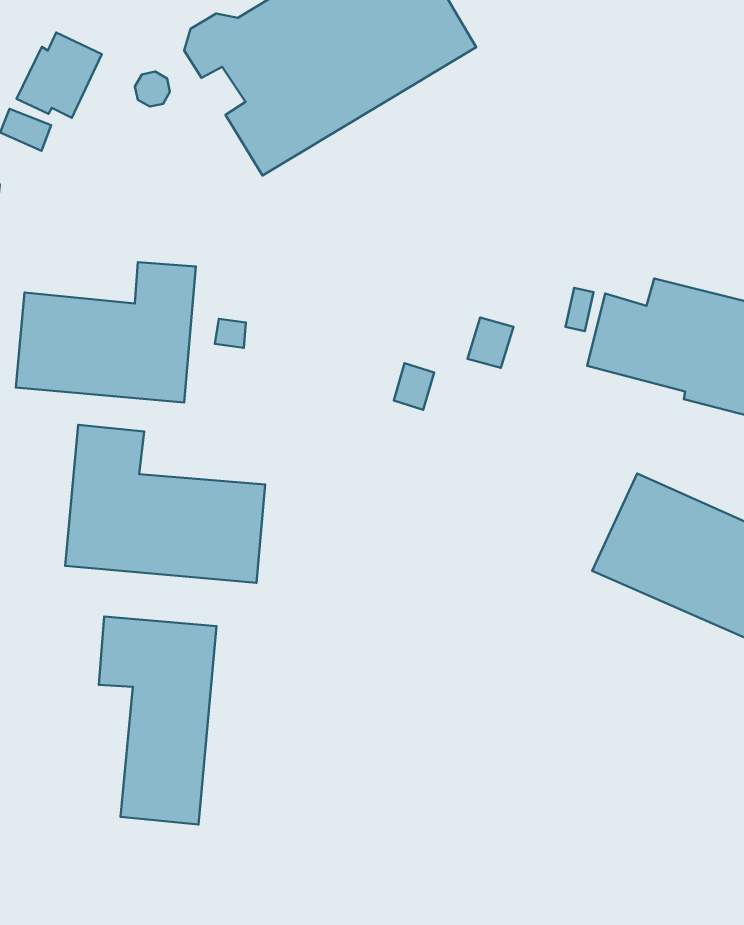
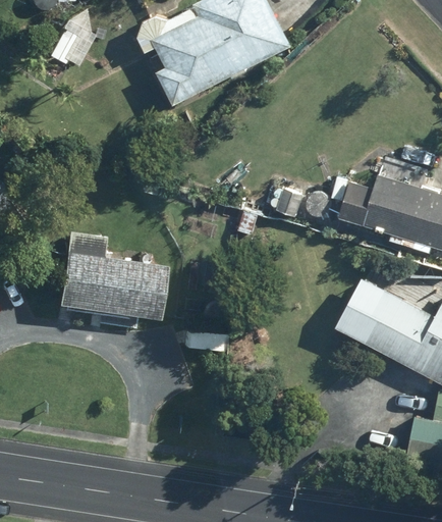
building: [16,262,196,403] -> none
building: [99,616,217,824] -> none

